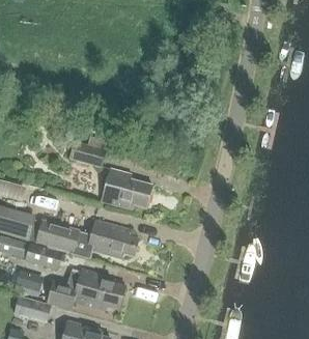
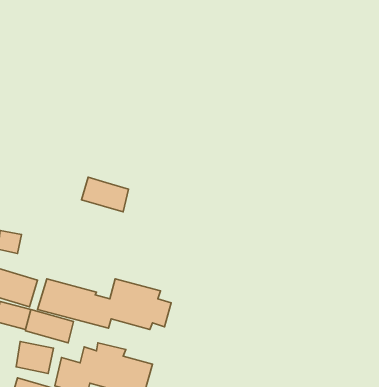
building: [101,168,151,207] -> none

